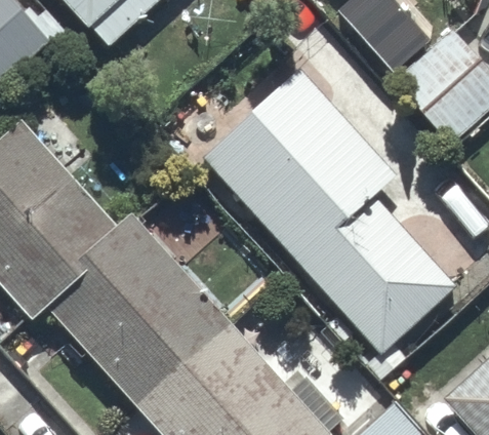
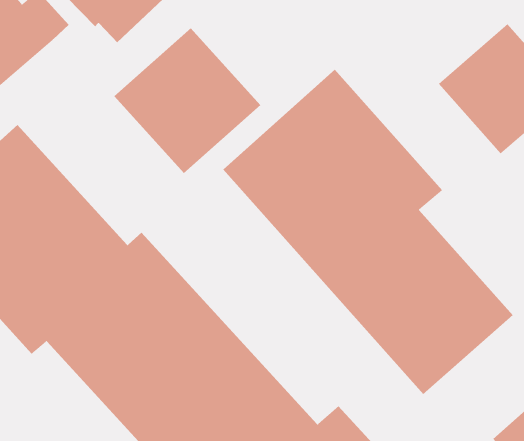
building: none -> [114,28,261,174]

